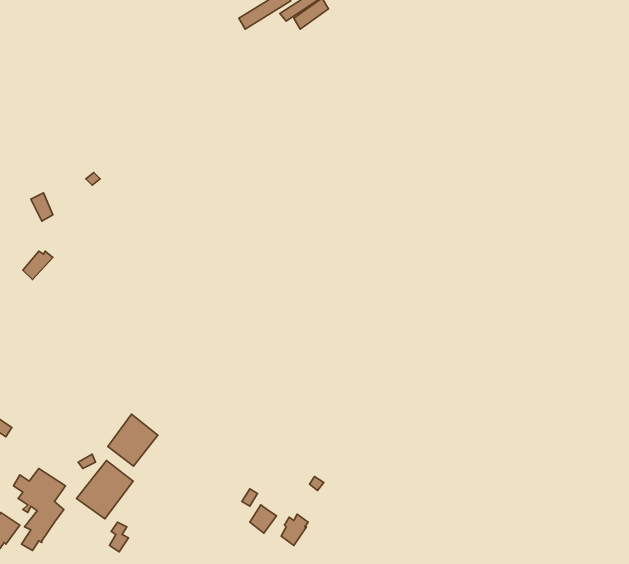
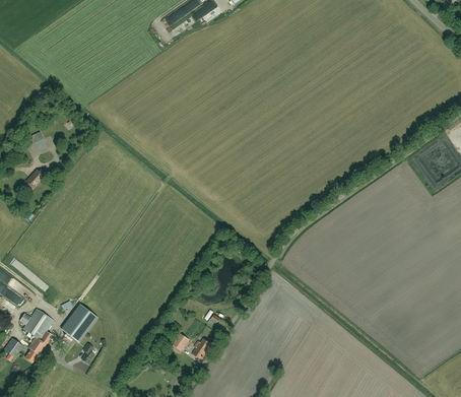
building: [108,414,158,466] -> none

